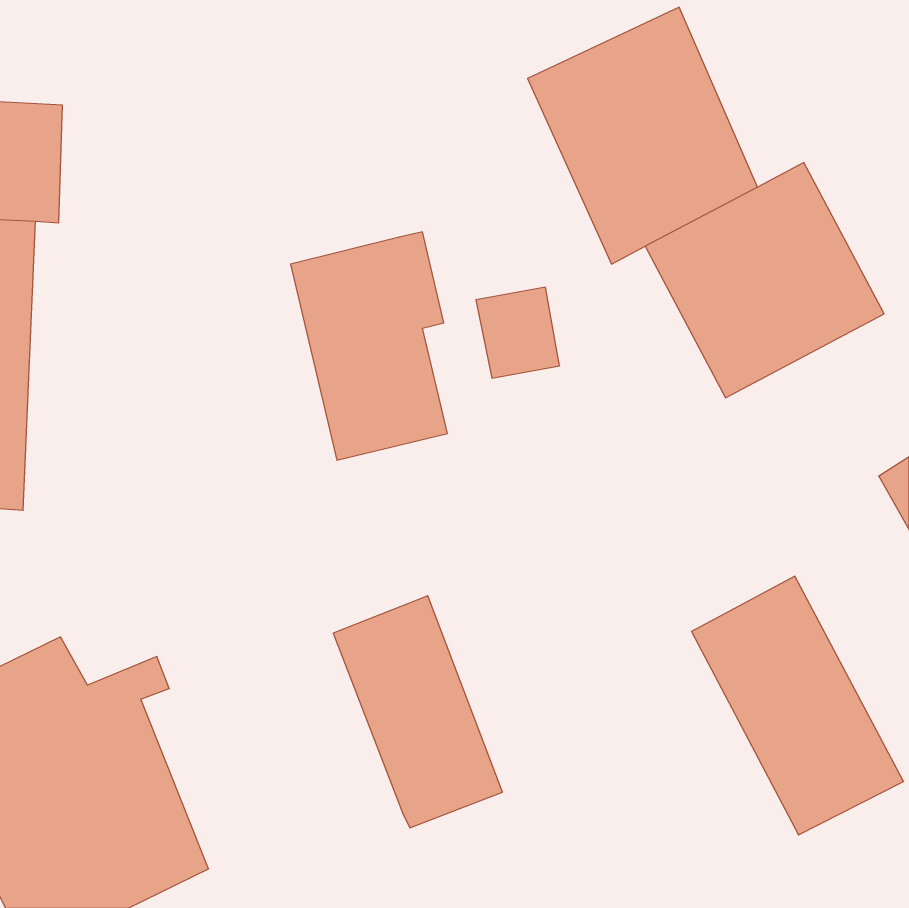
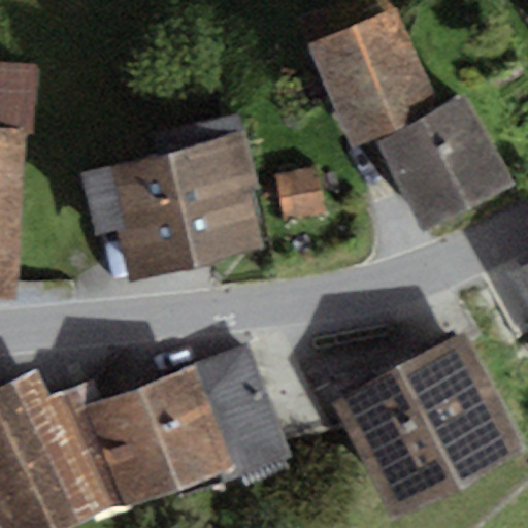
building: none -> [80,153,195,282]
building: none -> [331,365,462,519]
building: none -> [81,366,233,509]

